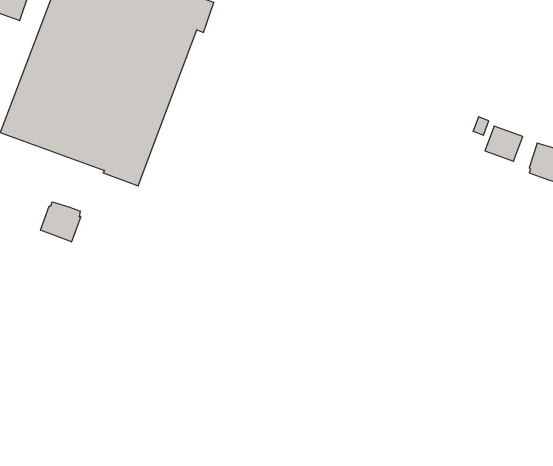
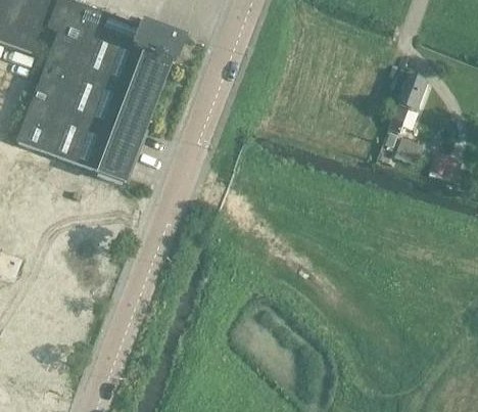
building: none -> [390,74,429,131]
building: [41,202,81,242] -> none

